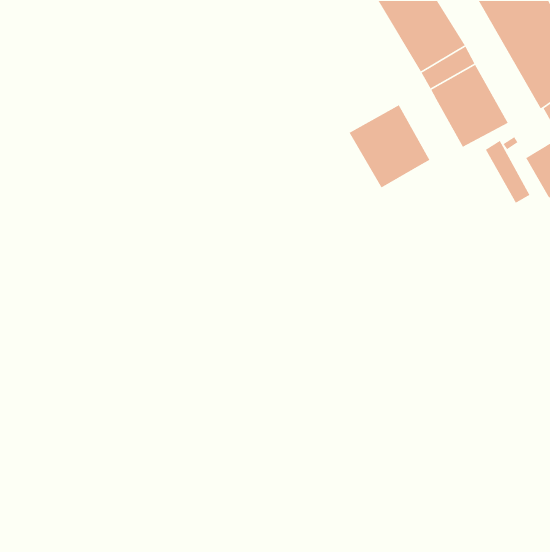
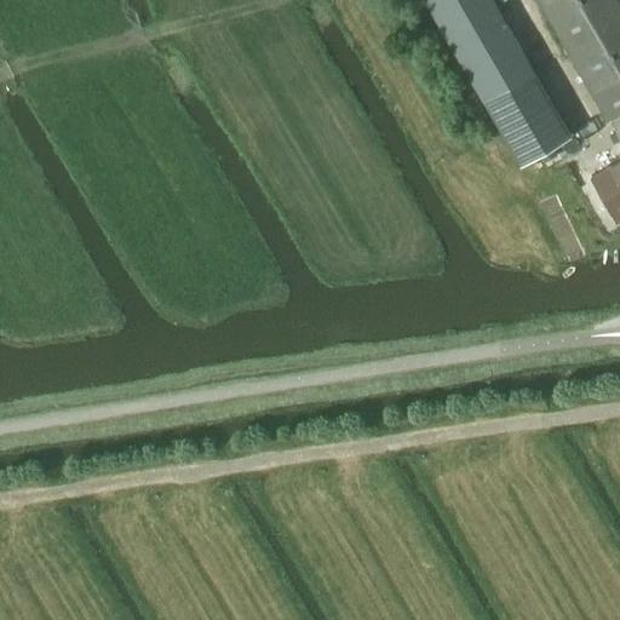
building: [348,104,430,189] -> none
building: [485,140,531,204] -> none

